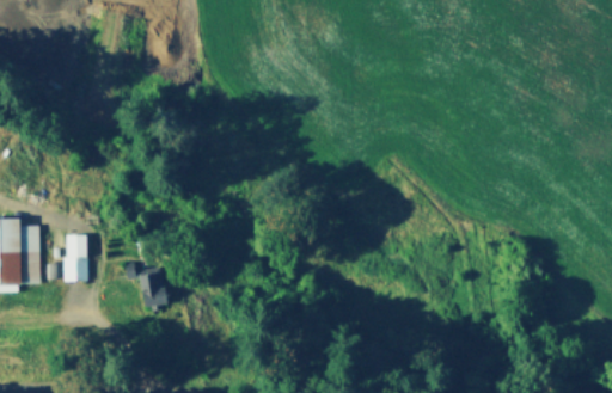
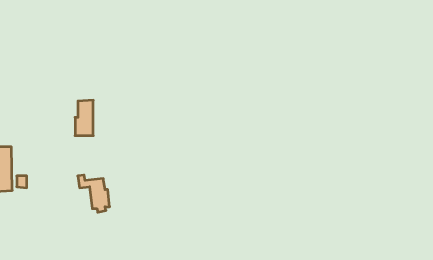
building: [63,234,87,281] -> [75,100,93,136]

